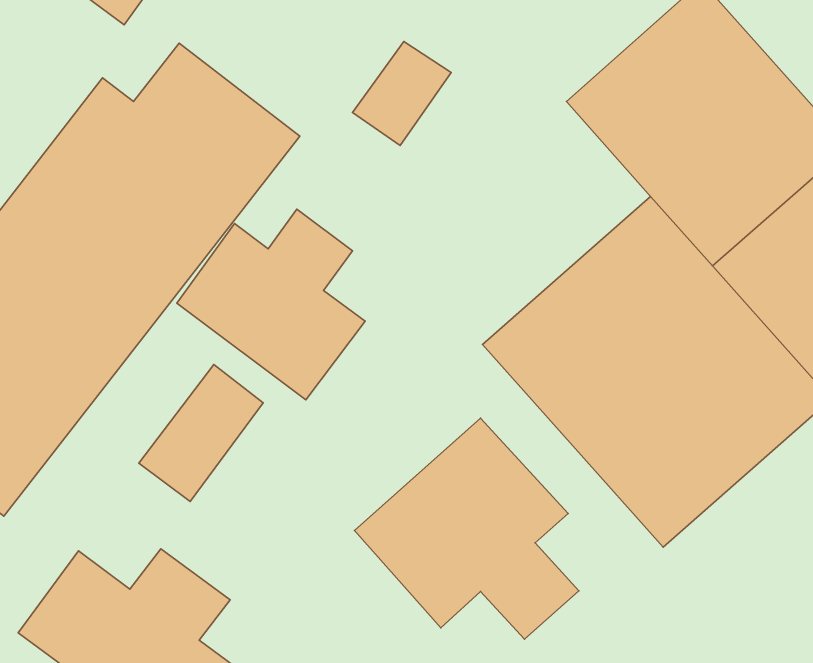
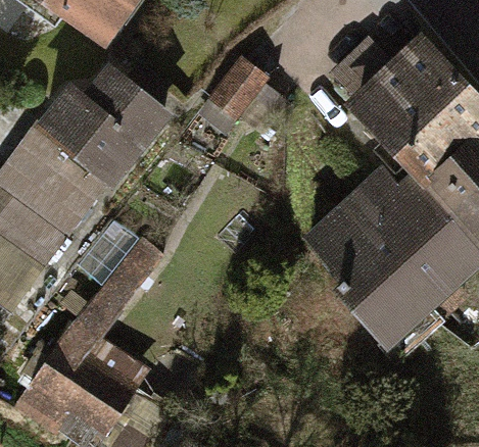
building: [177,209,365,400] -> none
building: [354,418,579,639] -> none

